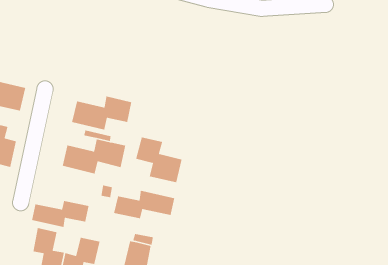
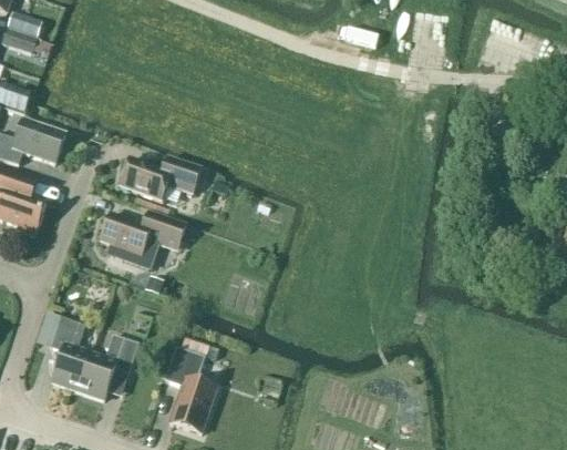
building: [135,136,183,183] -> none
building: [113,190,175,219] -> none
building: [31,200,90,228] -> none

